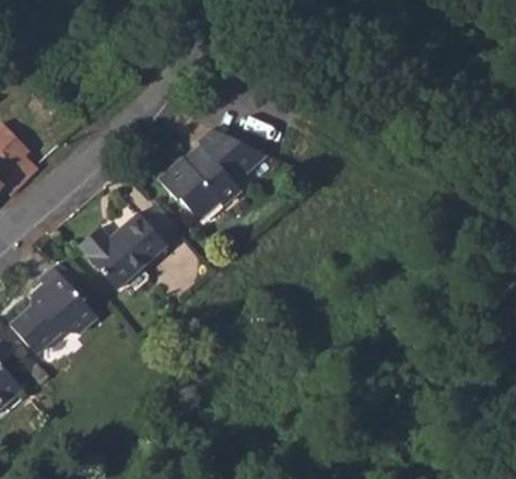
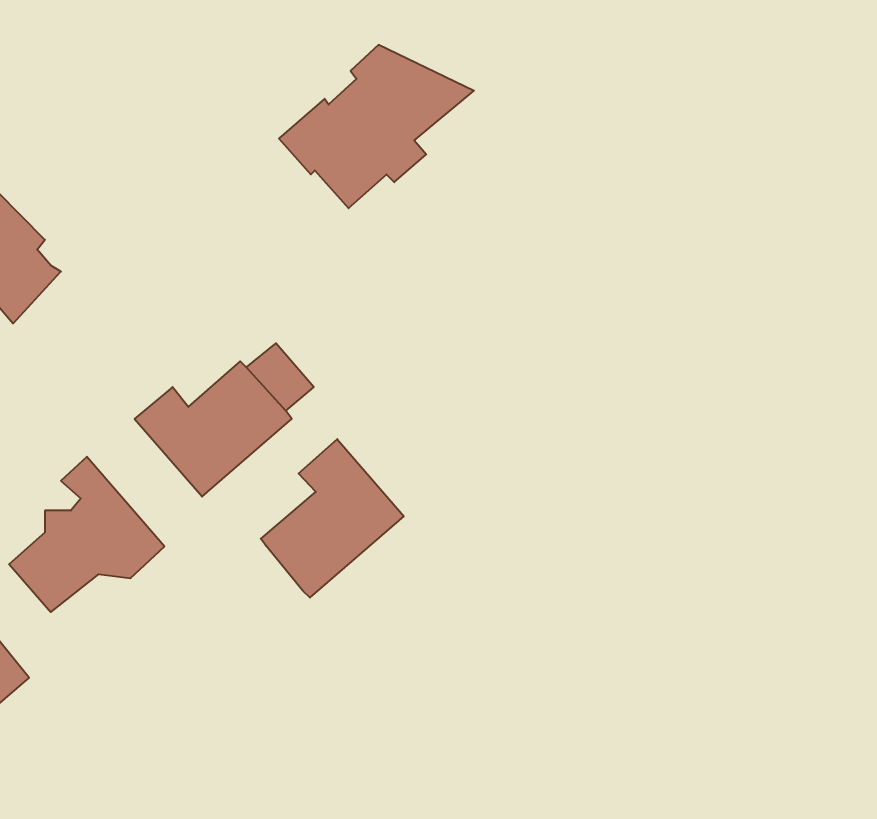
building: [159,129,266,219] -> [279,45,474,208]
building: none -> [261,439,404,598]

